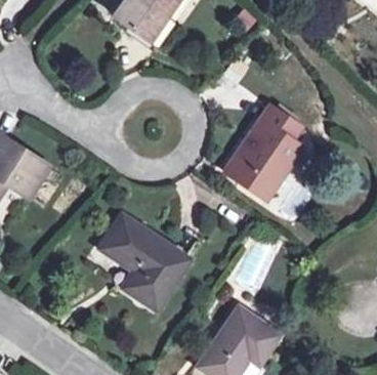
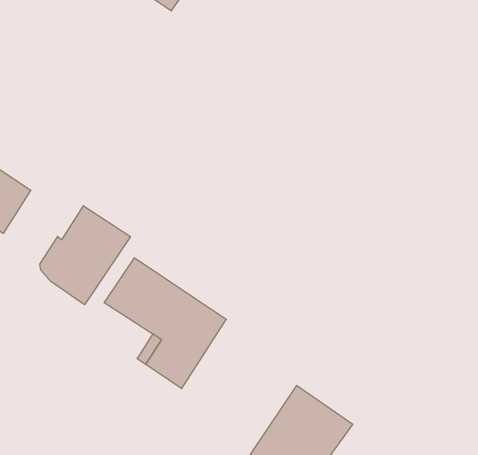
building: [224,106,301,198] -> none
building: none -> [40,206,130,305]

